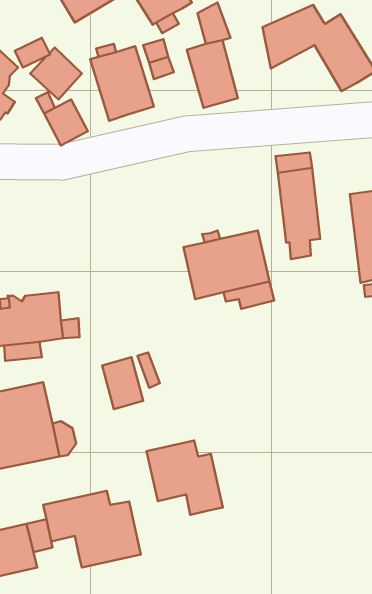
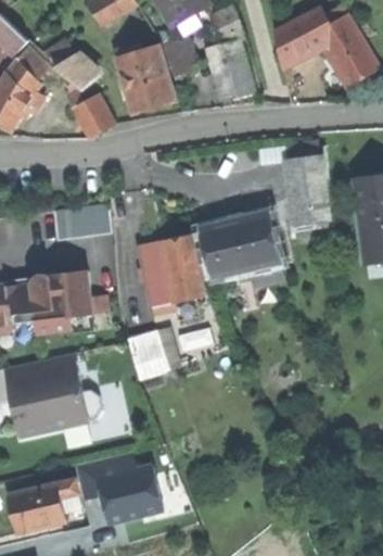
building: none -> [52,203,111,239]
building: none -> [138,235,205,307]
building: [147,441,223,515] -> none

